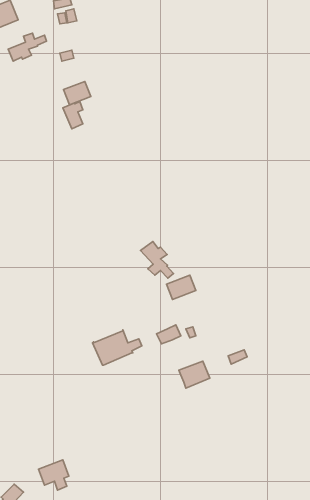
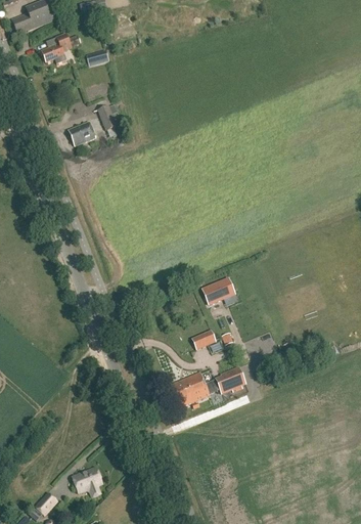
building: [63,81,91,105] -> [67,122,95,145]
building: [141,242,173,278] -> none
building: [93,330,142,365] -> [169,372,219,407]

